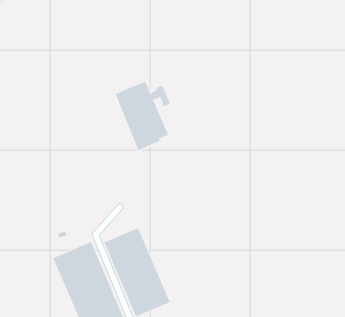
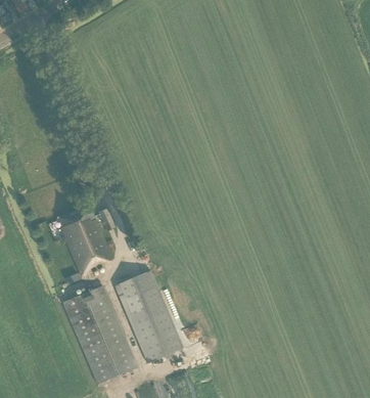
building: [115,81,171,151] -> [56,203,113,274]

